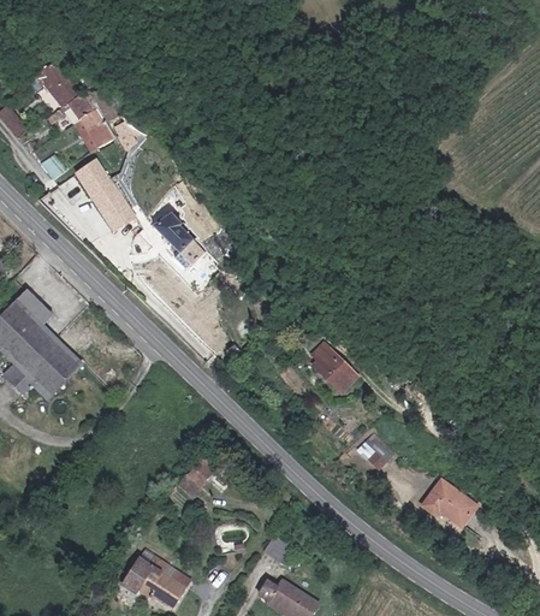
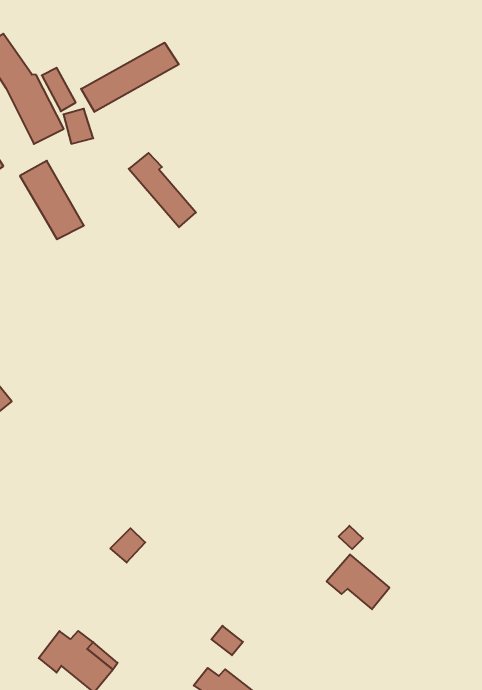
building: none -> [81,43,179,112]
building: [150,208,209,268] -> [129,153,196,227]
building: [309,340,354,390] -> none
building: [421,479,474,523] -> [327,554,389,609]

